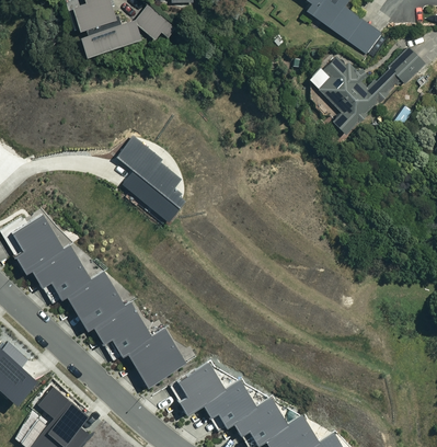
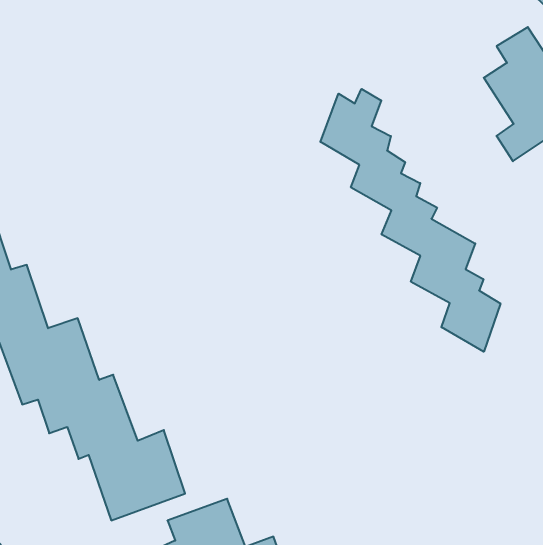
building: none -> [320,89,500,352]
building: [118,139,188,225] -> none

